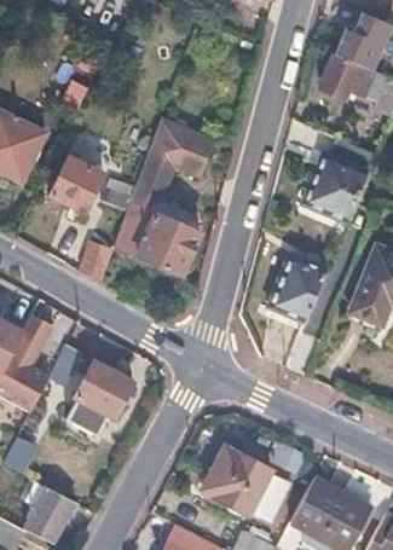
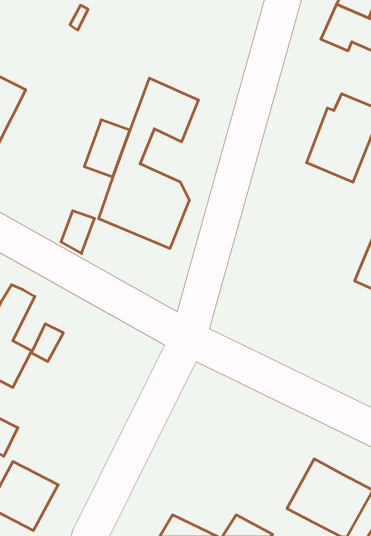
building: [48,160,102,215] -> none
building: [272,253,330,320] -> none
building: [67,360,134,435] -> none
building: [203,448,273,516] -> none

